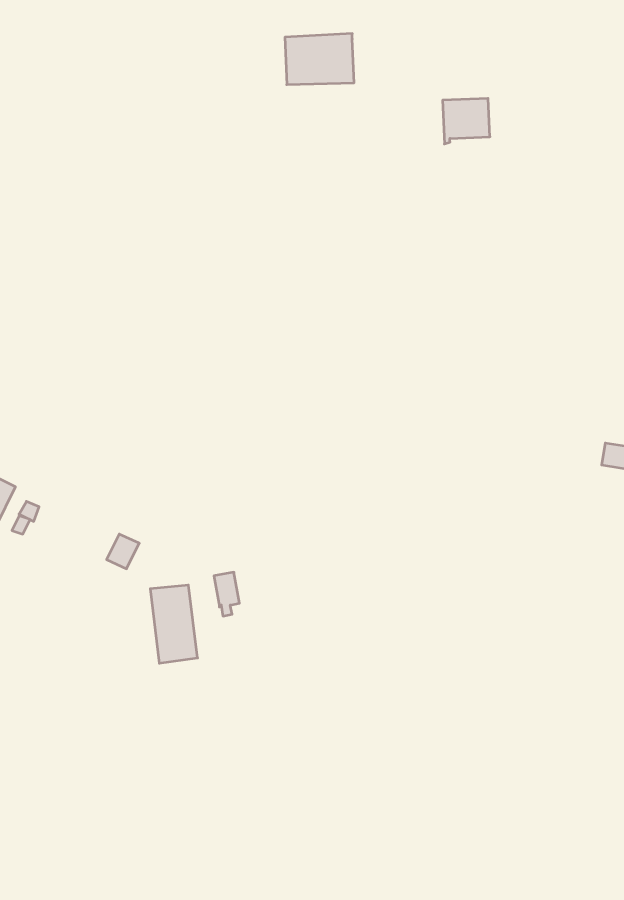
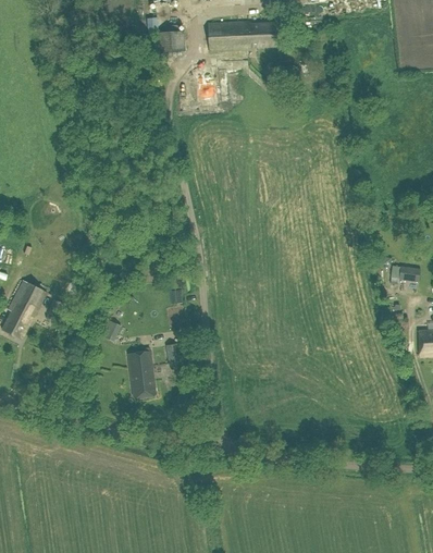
building: none -> [156,32,185,53]
building: [443,98,490,144] -> [248,24,276,51]

